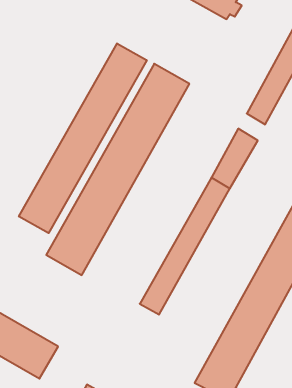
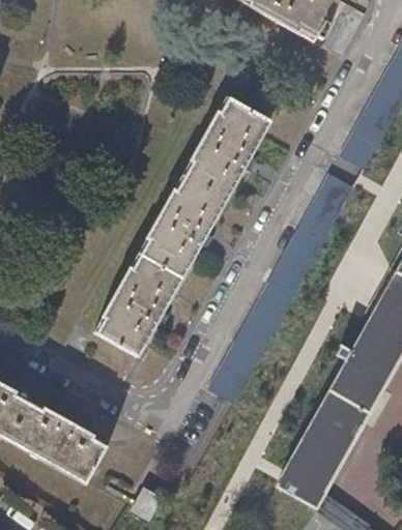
building: [19,43,147,233] -> none

